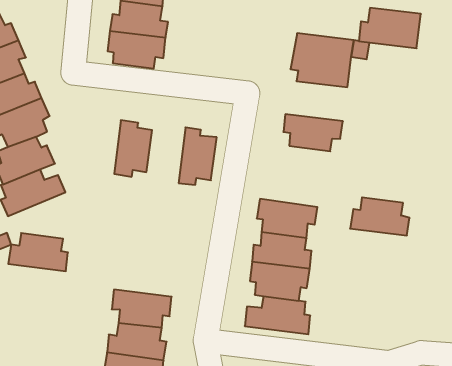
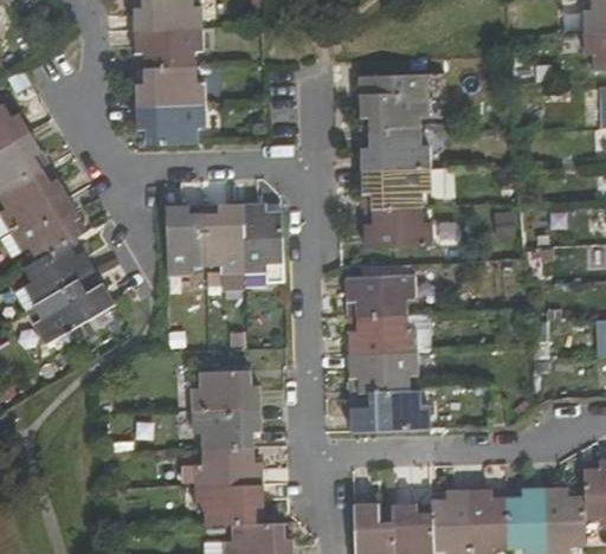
building: [359,8,421,48] -> [359,125,430,169]
building: none -> [205,204,246,271]
building: [350,197,410,235] -> [362,205,431,245]
building: [8,233,68,271] -> [189,369,259,410]

